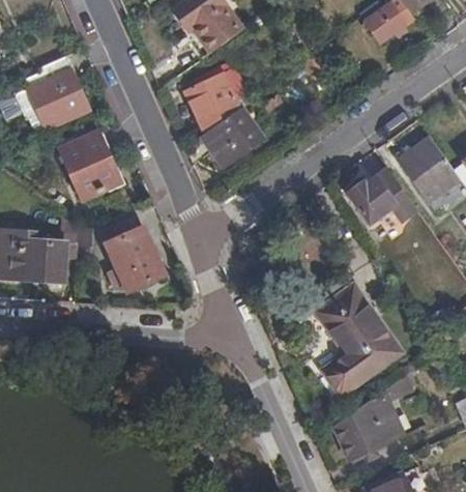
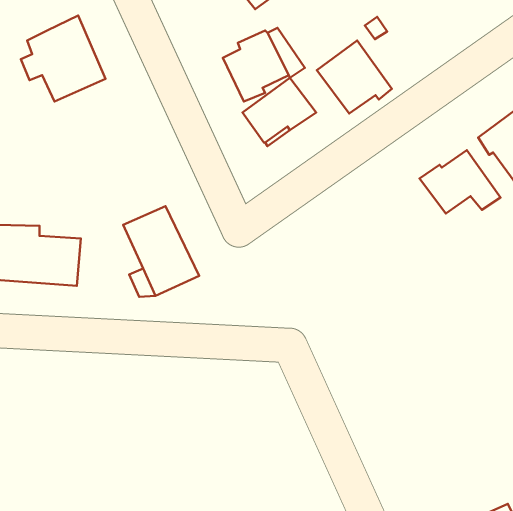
building: none -> [317,40,392,114]
building: [59,134,119,200] -> none
building: [318,287,400,394] -> none
building: [333,375,412,459] -> none

